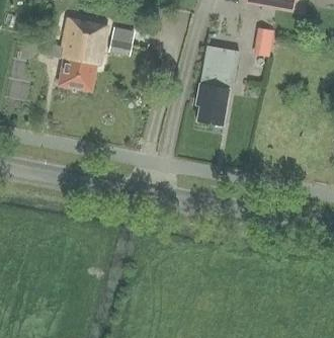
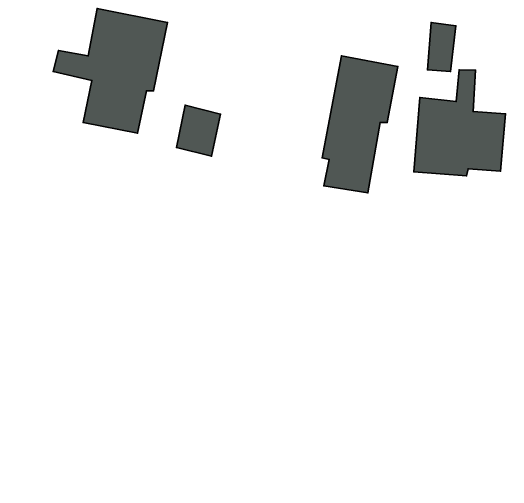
building: [109,26,135,56] -> [176,105,220,156]
building: none -> [414,70,506,176]

